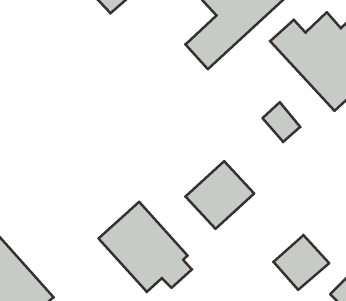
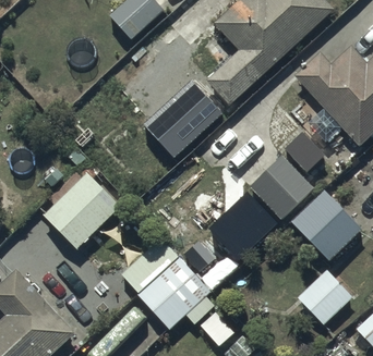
building: none -> [144,84,224,162]
building: none -> [249,157,312,220]
building: none -> [46,174,123,251]
building: none -> [292,189,361,259]

